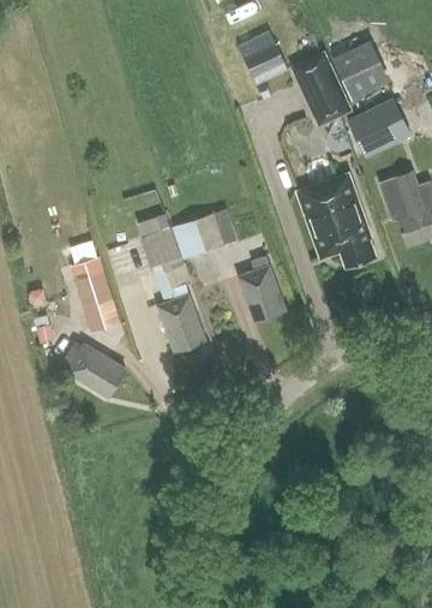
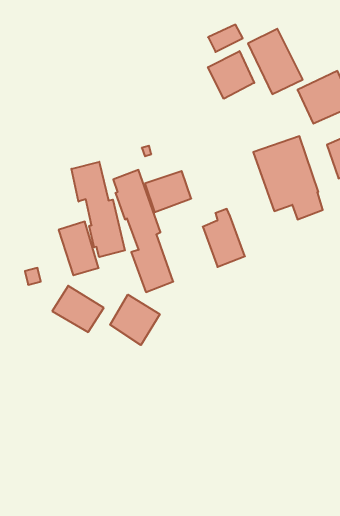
building: [332,41,388,100] -> none
building: none -> [208,51,254,99]
building: none -> [71,162,125,257]
building: none -> [110,295,160,345]

